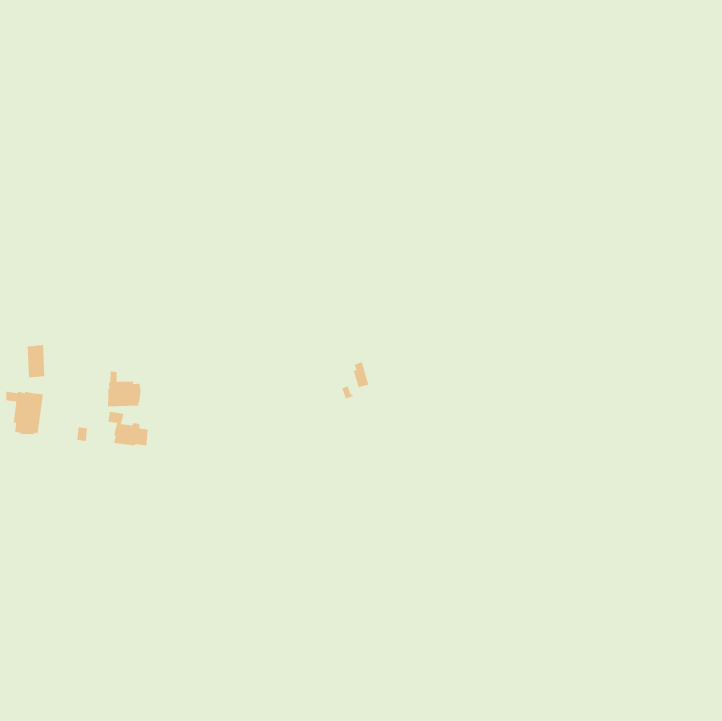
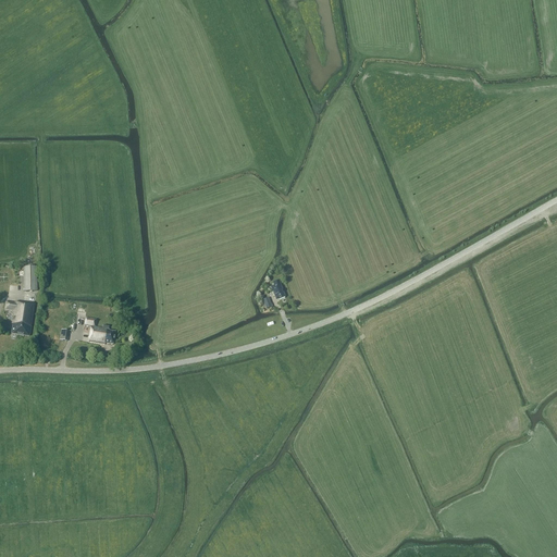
building: [107,371,142,407] -> none

